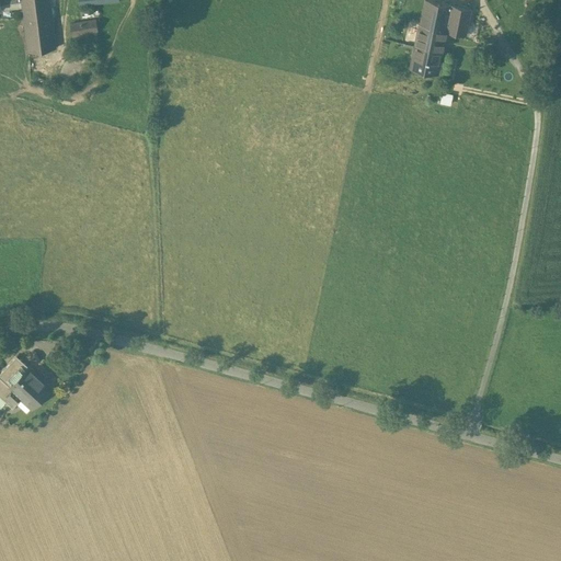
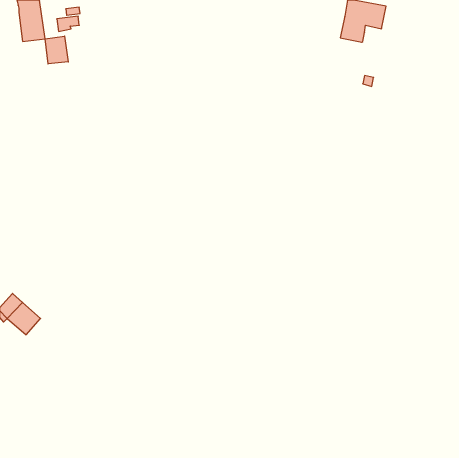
building: none -> [45,36,68,64]
building: [410,48,442,75] -> none

